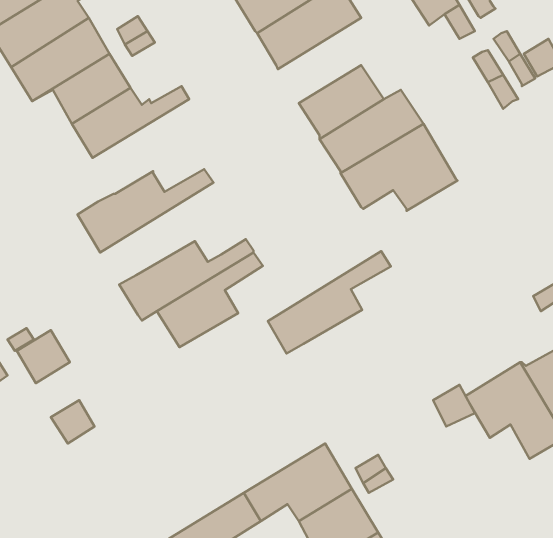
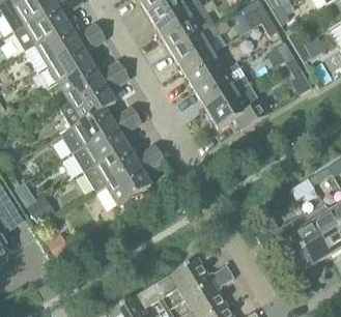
building: none -> [171,24,223,70]
building: none -> [60,68,127,124]
building: [268,251,391,353] -> [74,114,141,170]

